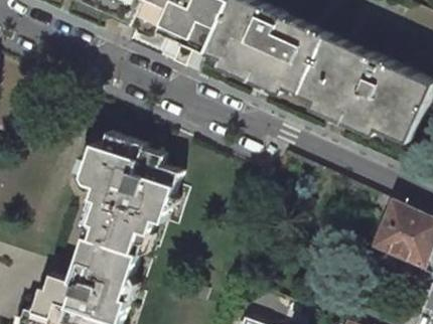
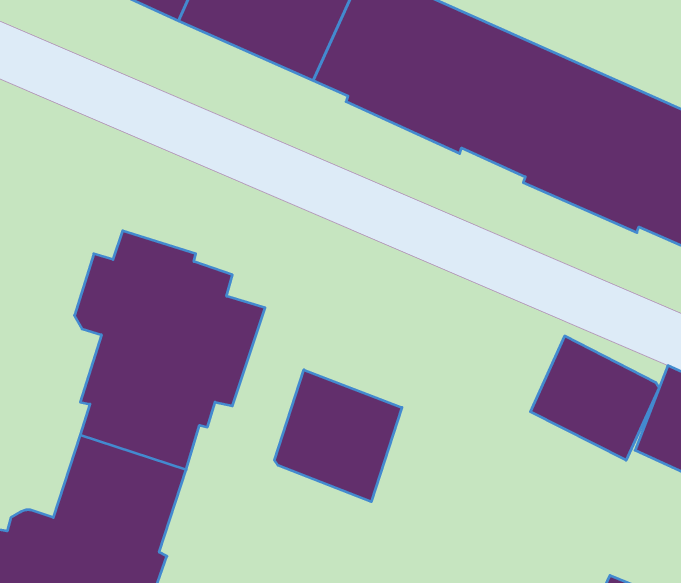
building: none -> [530,336,659,460]
building: none -> [274,370,402,502]

